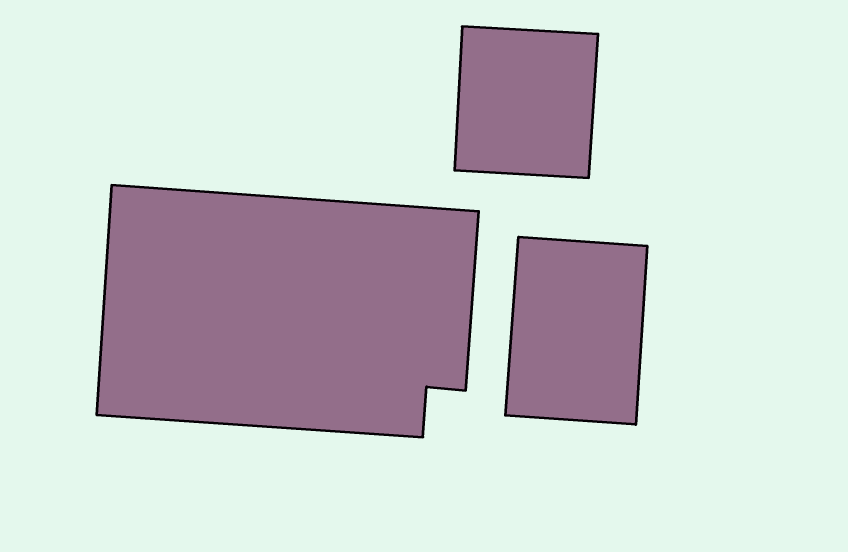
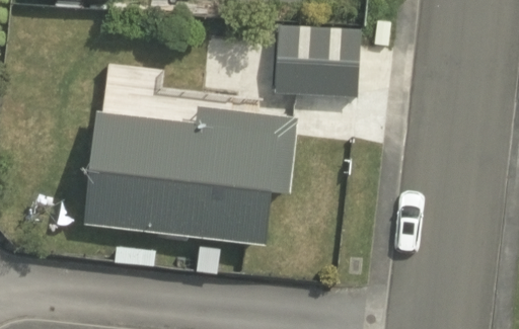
building: [505,237,647,425] -> none

